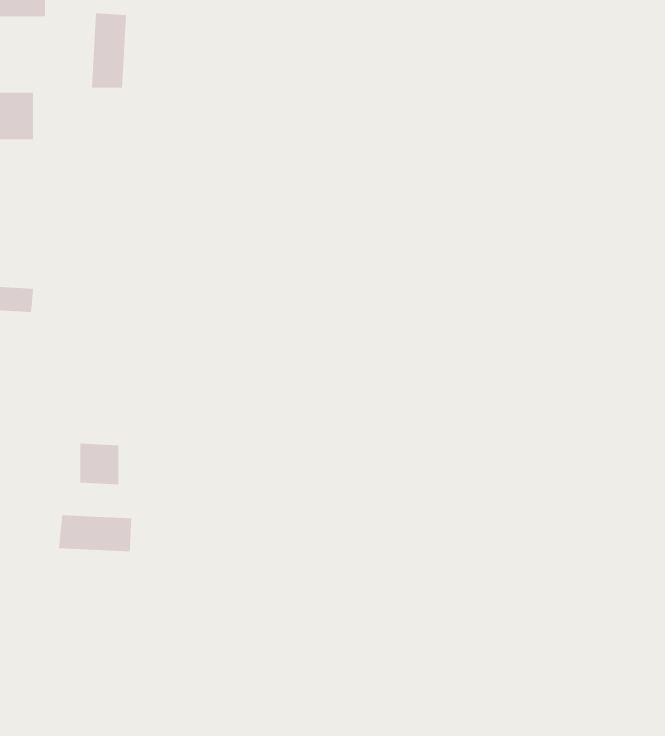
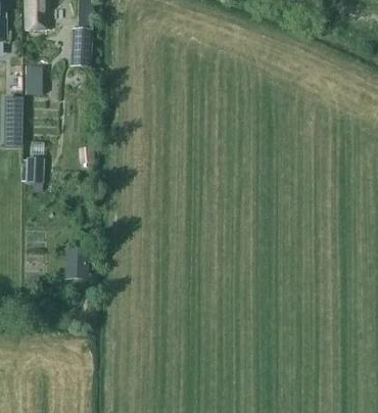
building: [58,514,132,552] -> none

